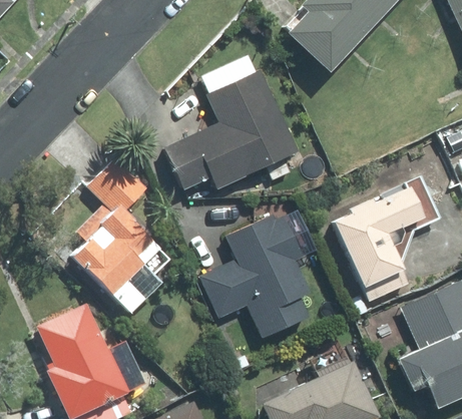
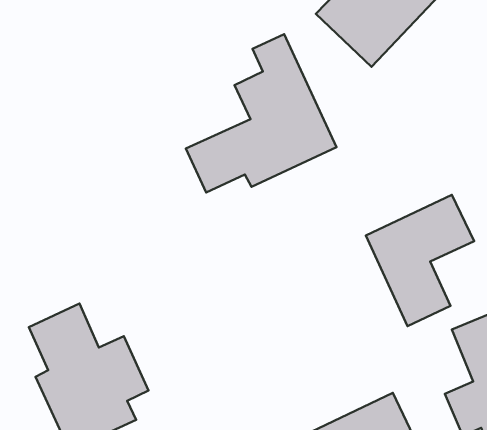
building: [78,171,164,310] -> none
building: [200,216,320,338] -> none

